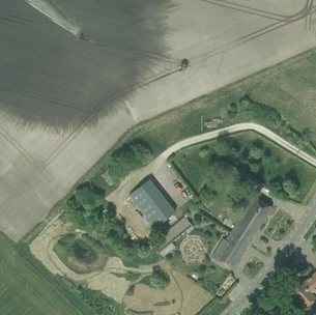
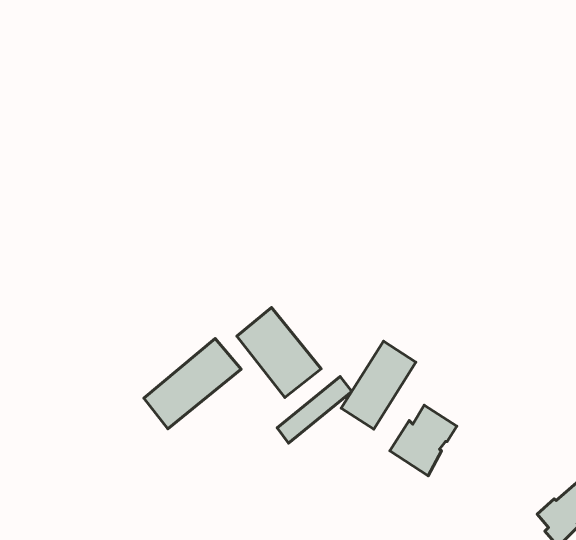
building: [232,195,272,242] -> [341,341,416,429]
building: none -> [144,338,241,429]

